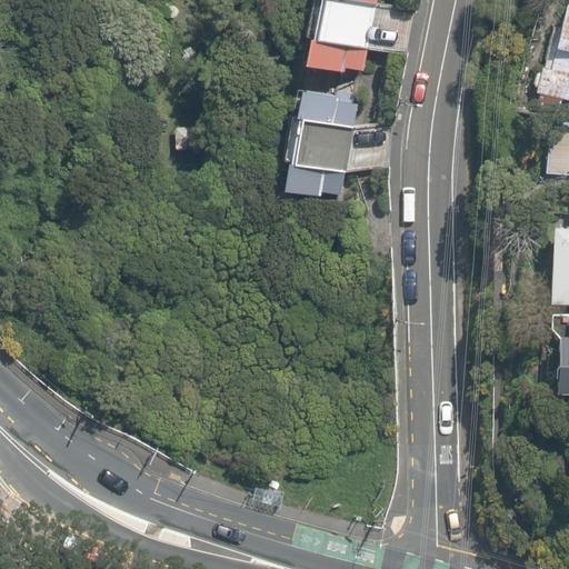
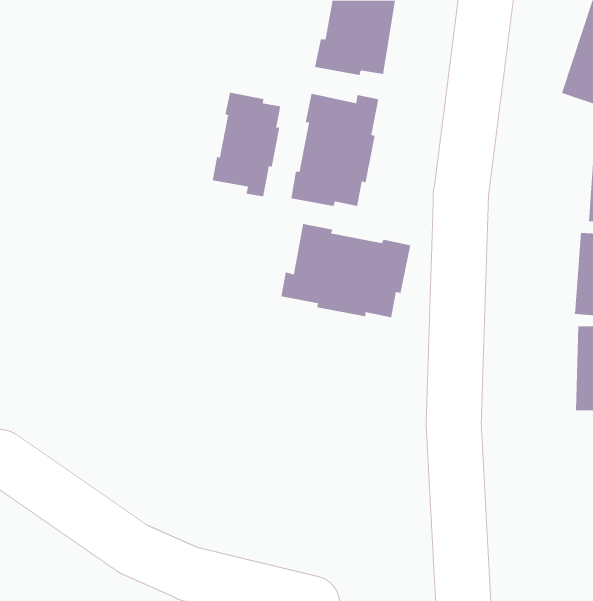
building: none -> [212,92,281,197]
building: none -> [281,223,411,318]

